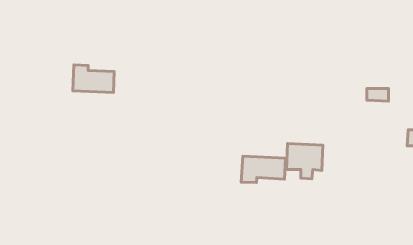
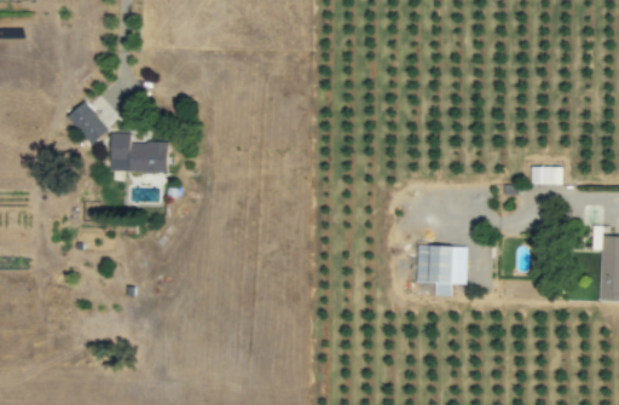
building: none -> [69,102,109,145]
building: [241,156,285,183] -> none

